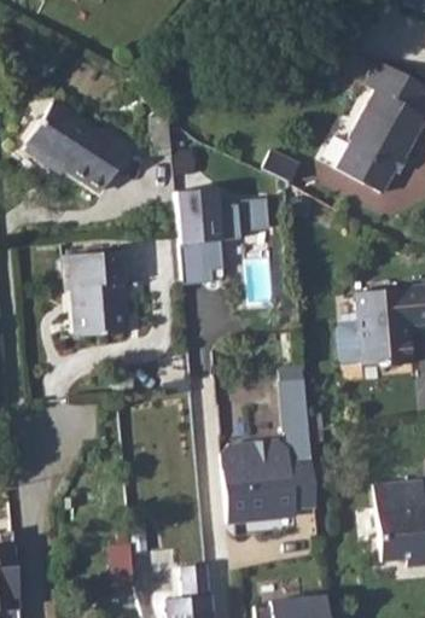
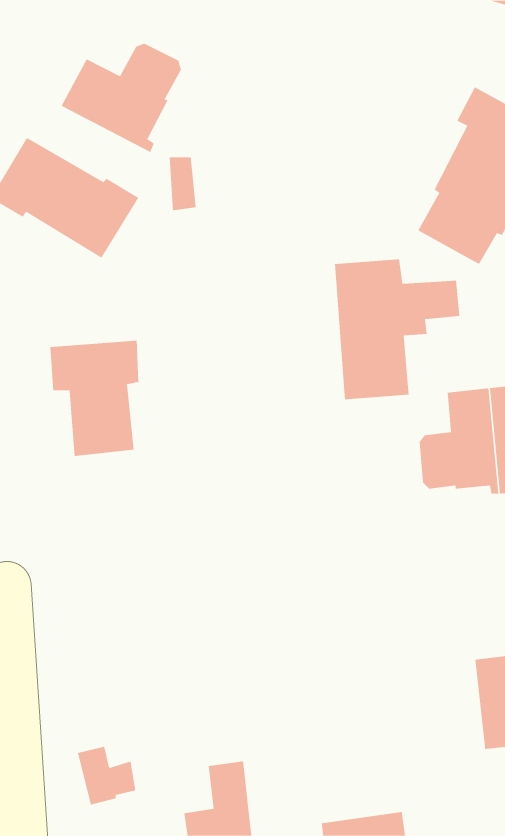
building: none -> [61,43,181,153]
building: [173,185,266,288] -> [334,259,460,400]
building: [222,379,316,524] -> none

